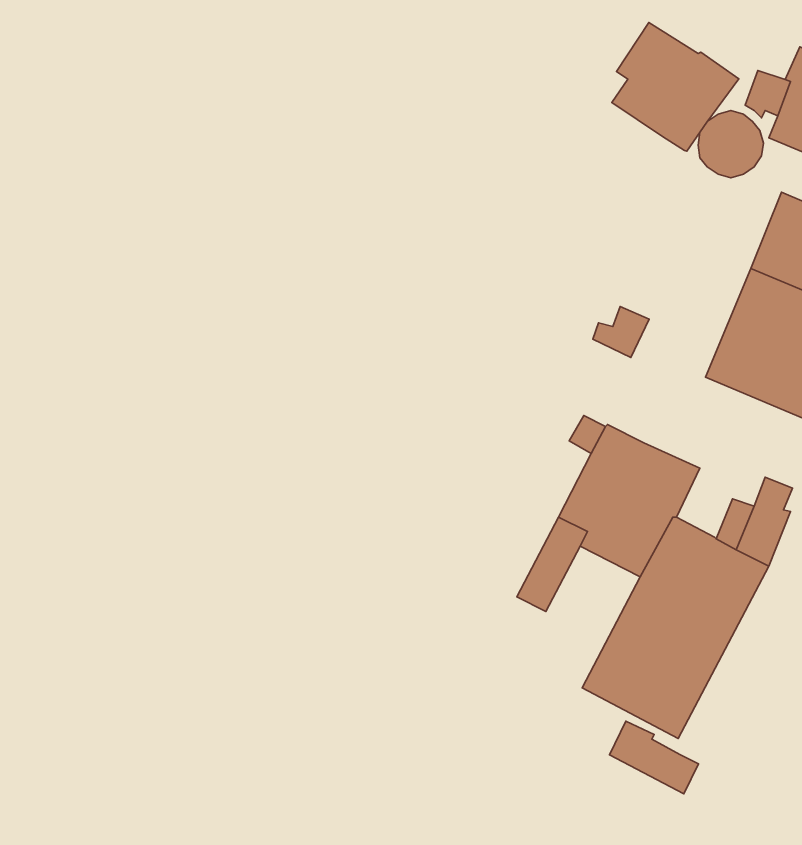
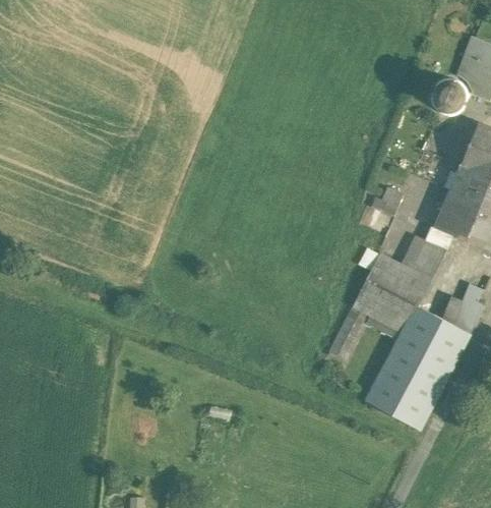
building: [612,23,739,151] -> none
building: none -> [400,234,446,278]
building: [610,721,699,794] -> none

